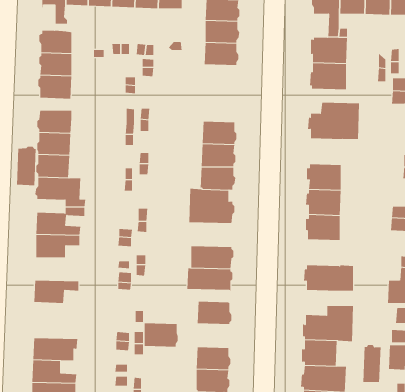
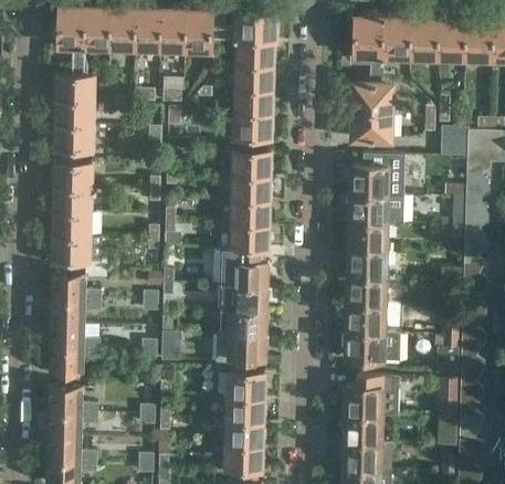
building: none -> [235,115,273,140]
building: none -> [234,152,272,178]
building: none -> [348,196,404,224]
building: [17,146,36,186] -> none
building: none -> [218,287,269,314]
building: none -> [345,306,385,335]
building: none -> [51,326,101,351]
building: none -> [50,388,98,414]
building: [144,323,178,347] -> [228,398,265,424]
building: [363,344,381,383] -> none

